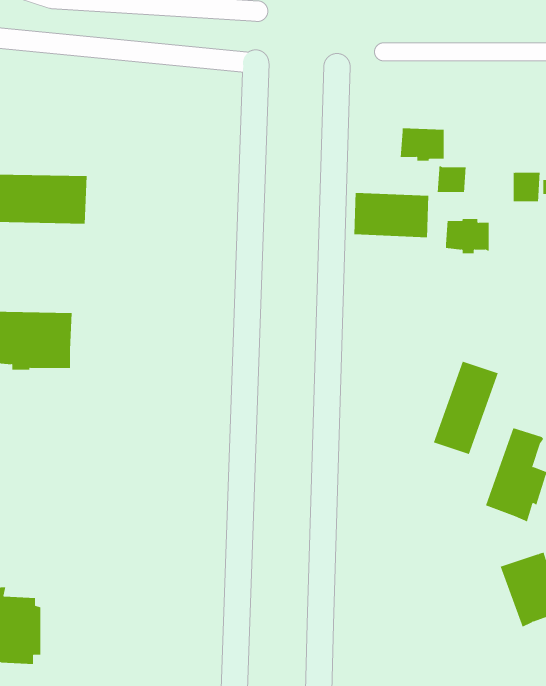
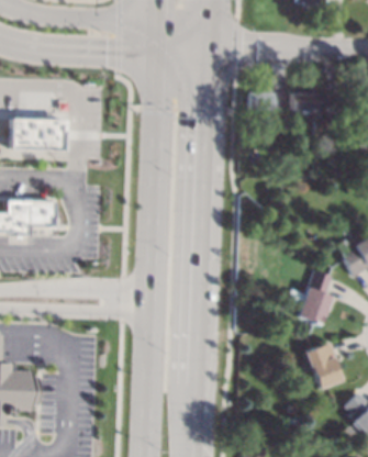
building: [354,192,429,238] -> none
building: [445,219,489,254] -> [291,91,317,112]
building: [433,361,499,455] -> none

